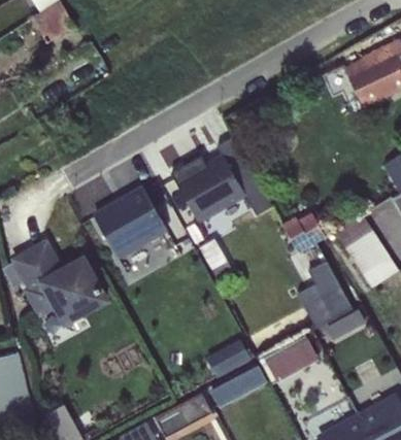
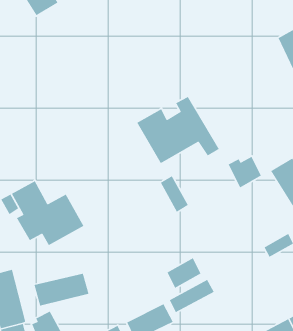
building: [93,185,168,261] -> none
building: [298,261,353,328] -> none
building: [260,334,319,382] -> none
building: none -> [33,273,89,307]

